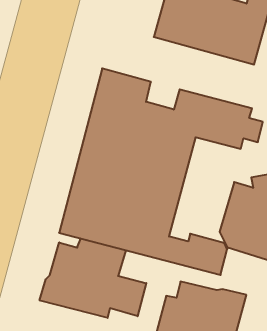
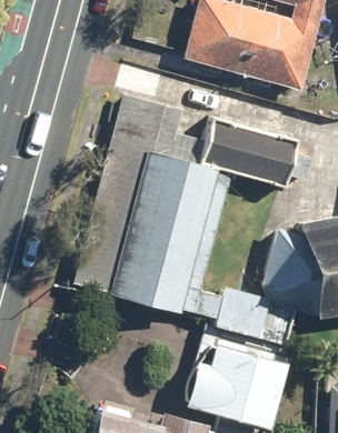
building: [40,238,146,318] -> none

